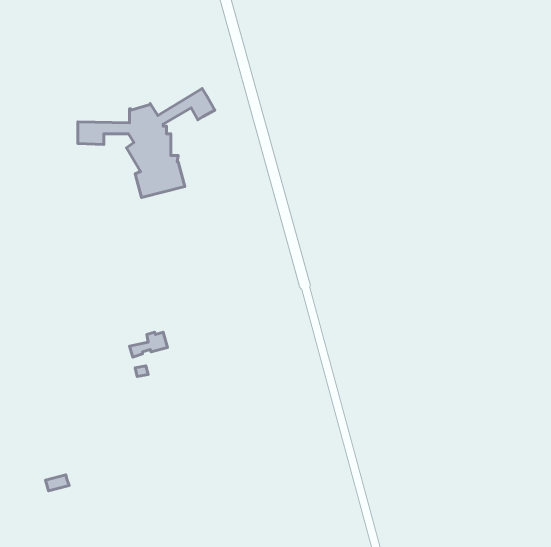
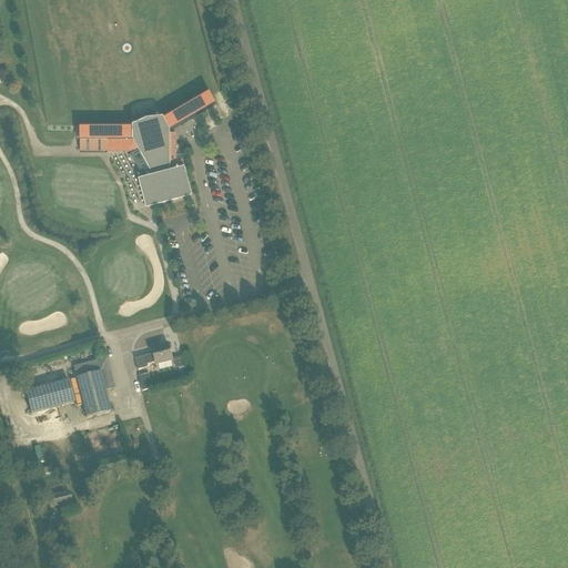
building: none -> [74,368,109,415]
building: none -> [24,377,73,409]

